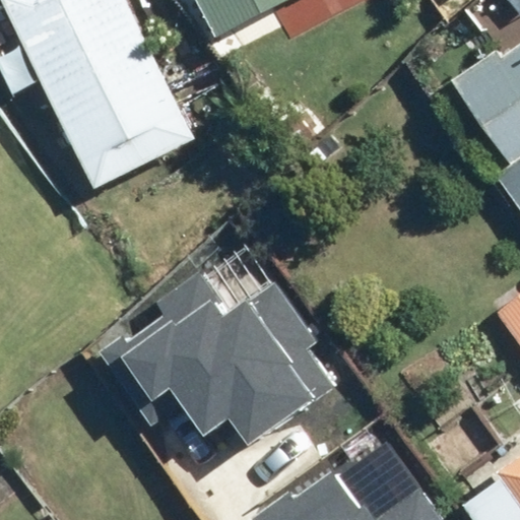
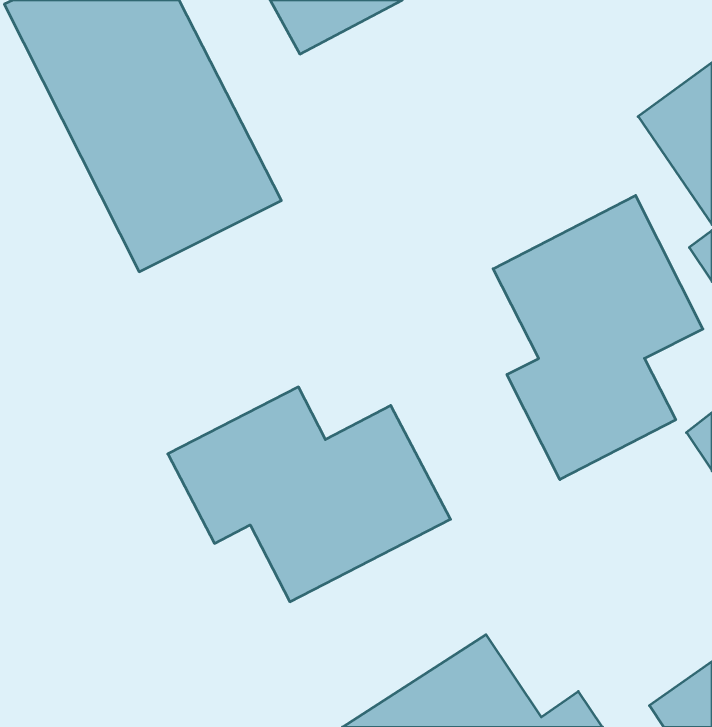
building: none -> [493,195,703,480]

